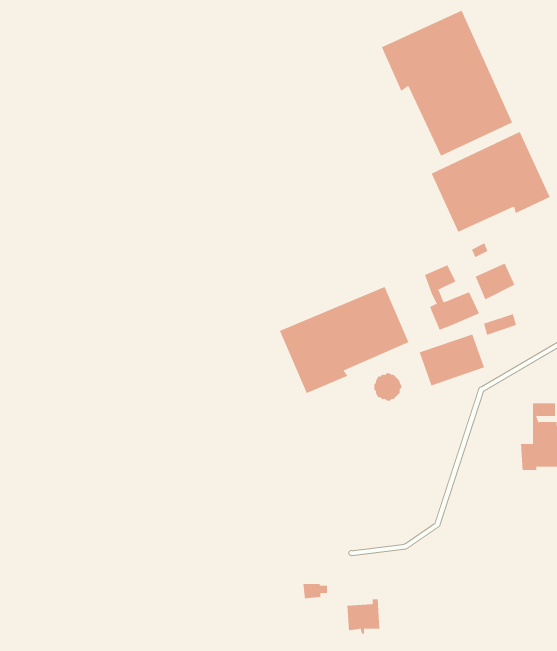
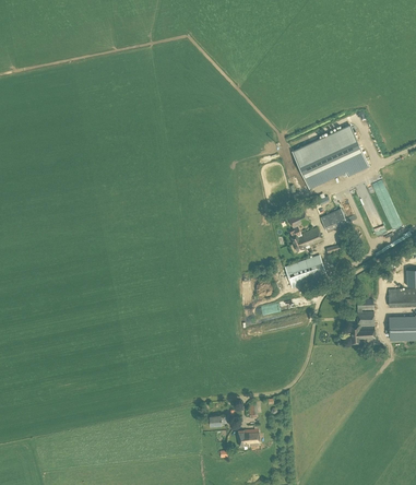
building: [381,10,513,156] -> none
building: [279,286,409,394] -> none

